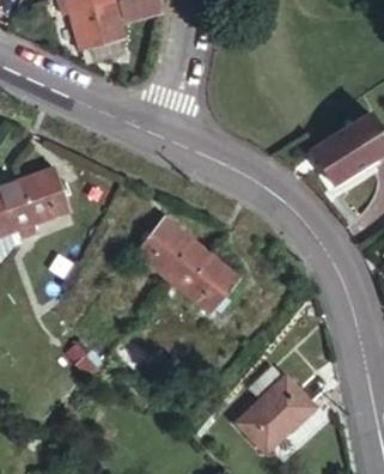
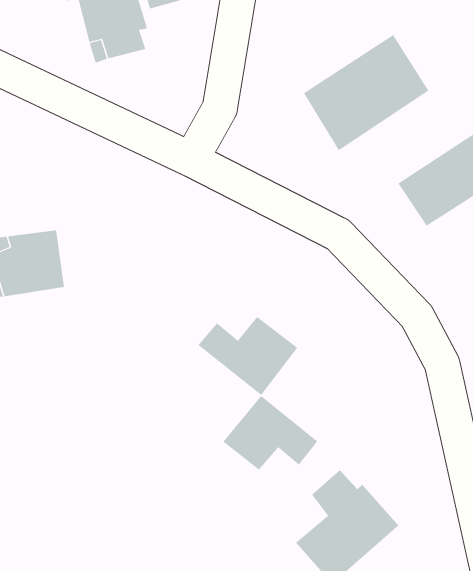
building: none -> [303,34,429,151]
building: [135,217,207,273] -> [222,395,318,470]

